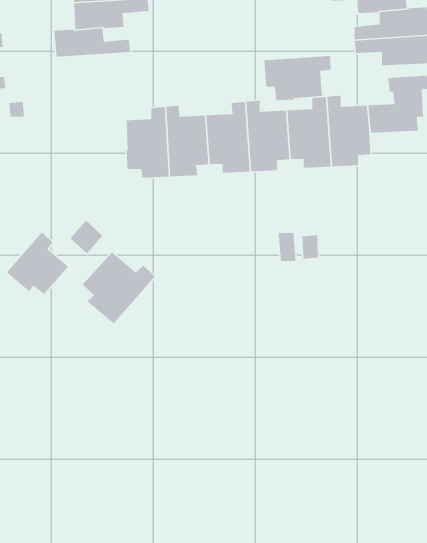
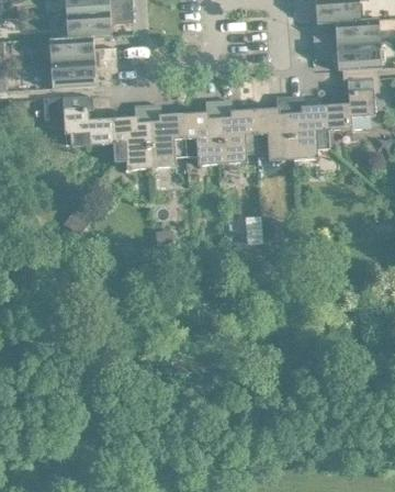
building: none -> [50,58,117,88]
building: [264,55,331,101] -> none
building: none -> [43,94,113,146]
building: [6,231,69,295] -> none
building: [82,252,156,325] -> none

